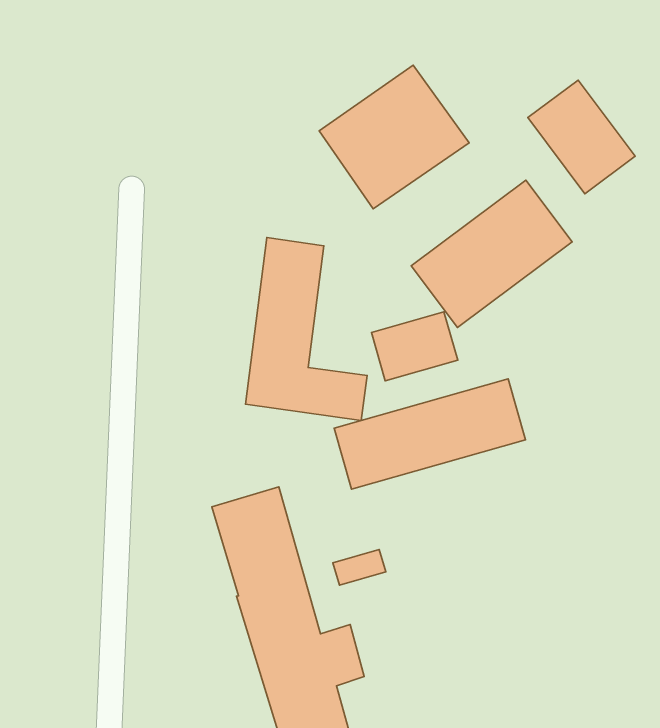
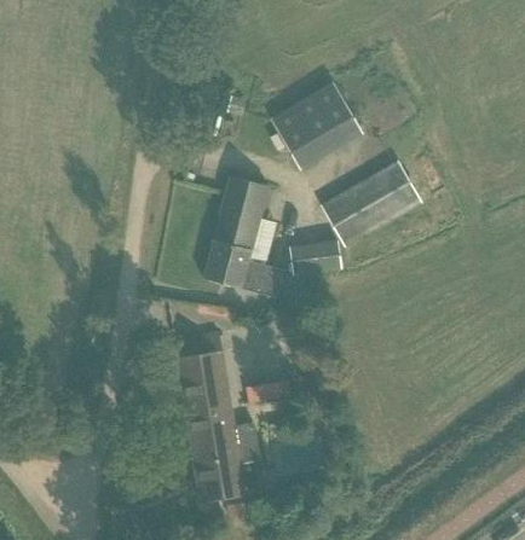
building: [528,80,635,194] -> none
building: [334,379,525,489] -> none

